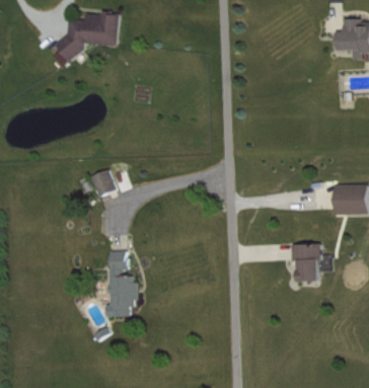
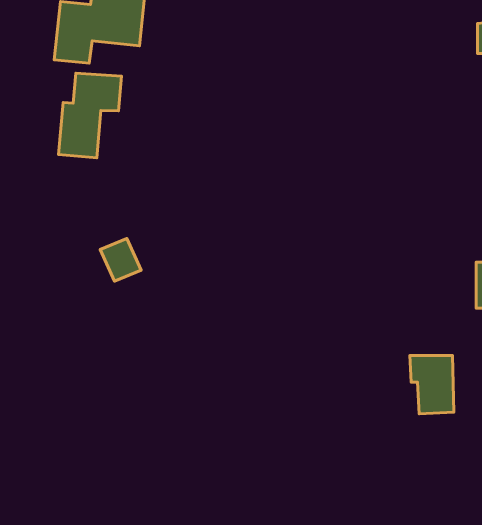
building: none -> [59,73,122,158]
building: [108,251,136,317] -> none

